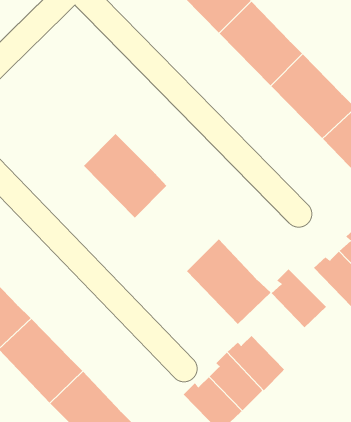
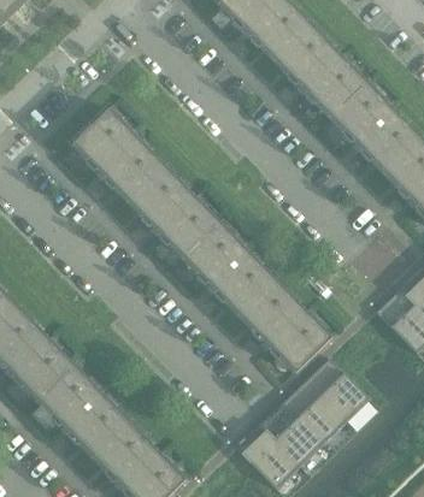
building: none -> [72,108,164,201]
building: none -> [184,223,275,314]
building: [271,269,327,328] -> [310,356,370,420]

